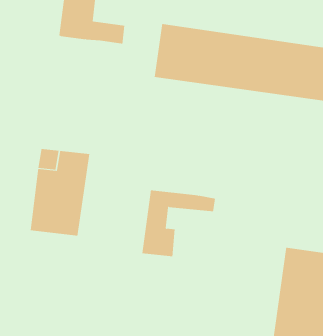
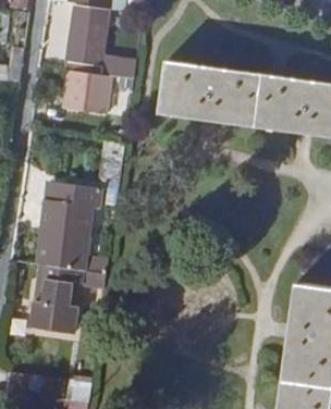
building: none -> [64,73,109,114]
building: [141,190,216,257] -> [30,265,105,332]

